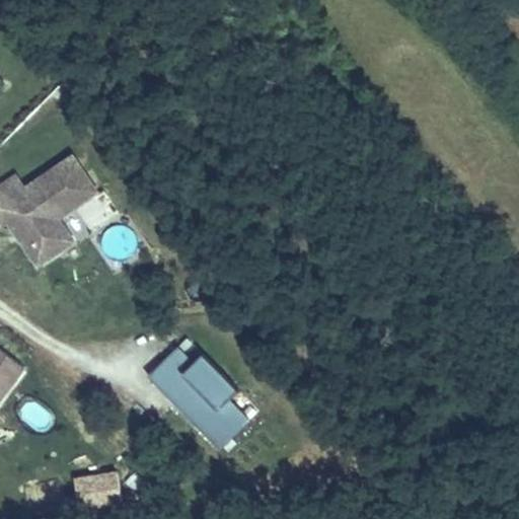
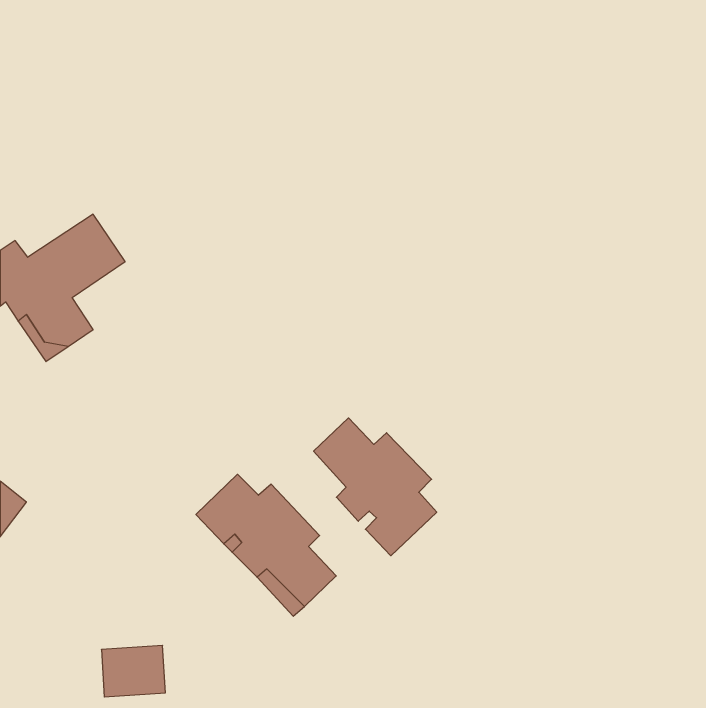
building: none -> [314,418,437,556]

